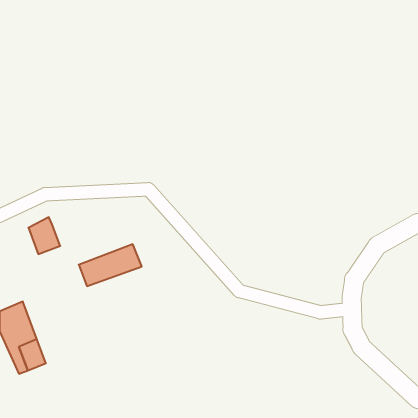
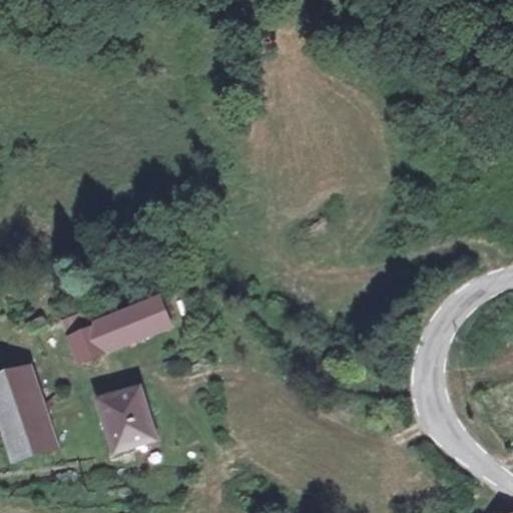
building: [28,217,60,254] -> [67,315,106,360]
building: none -> [95,390,150,451]

